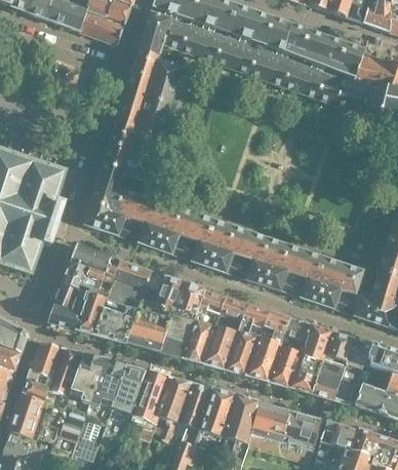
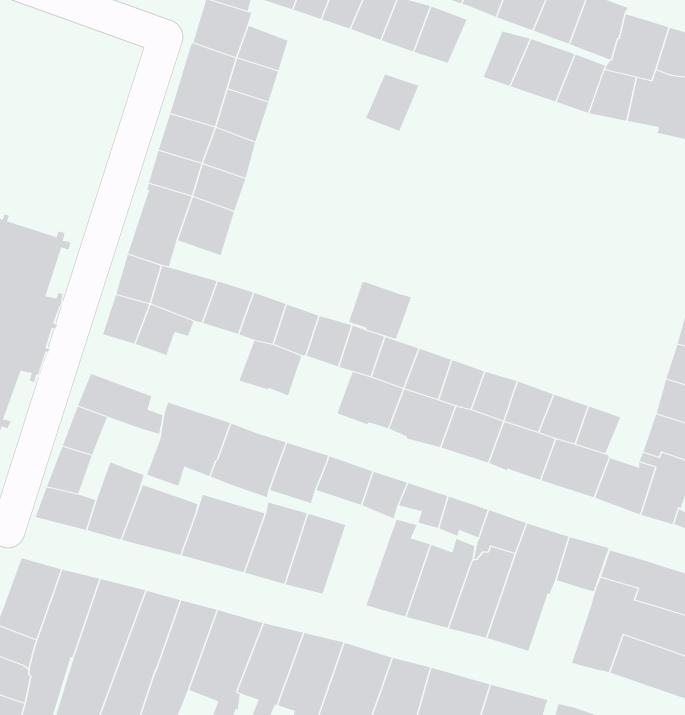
building: [268,54,296,85] -> [365,74,419,132]
building: [118,216,164,247] -> none
building: [183,234,216,265] -> [348,282,412,339]
building: [201,323,237,367] -> none
building: [311,361,344,398] -> none

